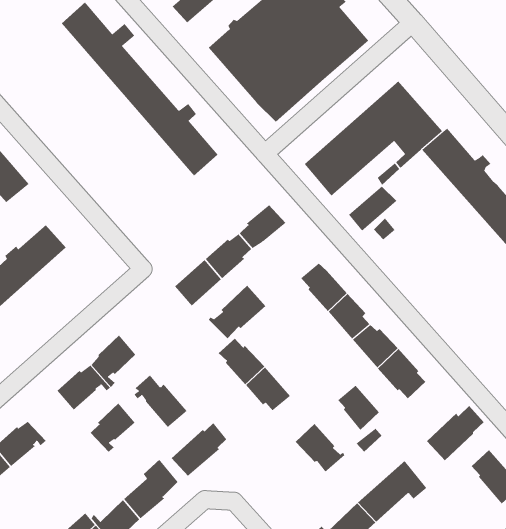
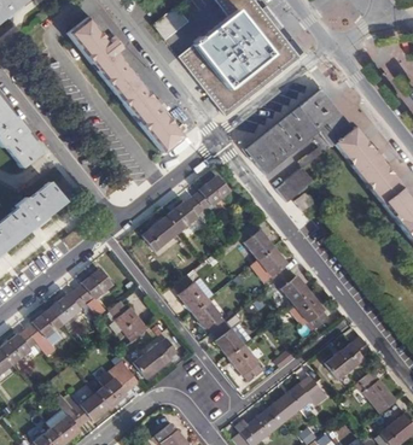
building: [208,285,266,339] -> none
building: [338,385,380,431] -> [211,322,243,357]
building: [90,402,136,453] -> [27,309,62,346]

